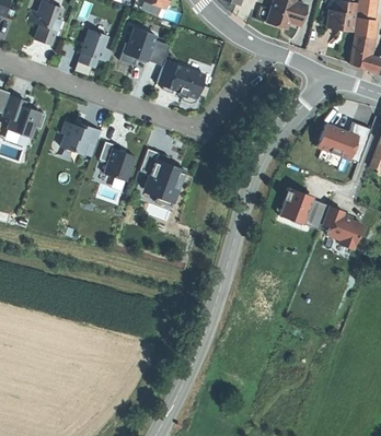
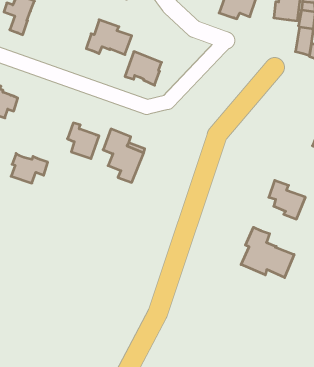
building: [80,30,113,68] -> none
building: [60,121,101,154] -> [11,153,48,183]
building: [319,121,365,164] -> none
building: [280,187,314,223] -> none
building: none -> [241,227,294,278]

